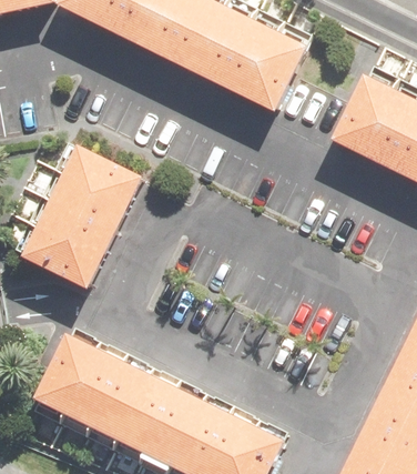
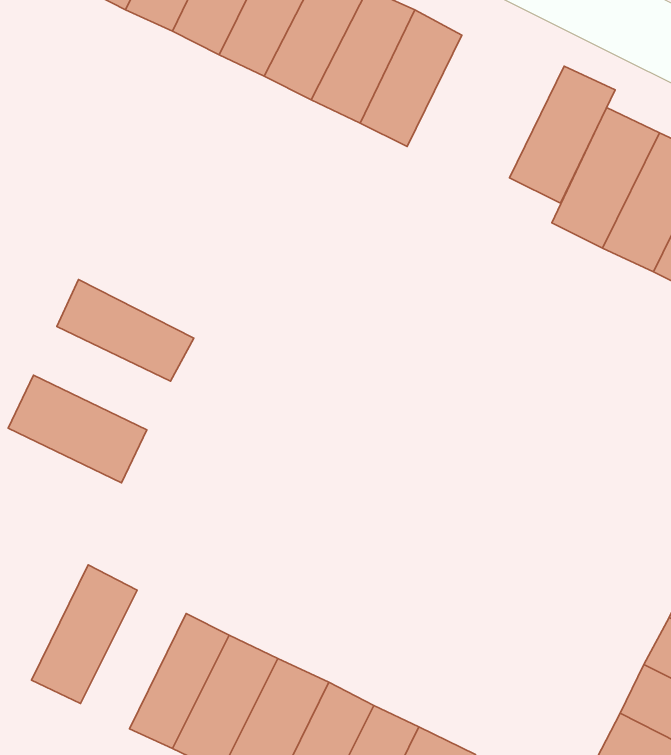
building: [246,32,306,110] -> [510,66,615,203]
building: [60,142,140,204] -> none
building: [34,198,112,256] -> none
building: [61,347,121,426] -> none

